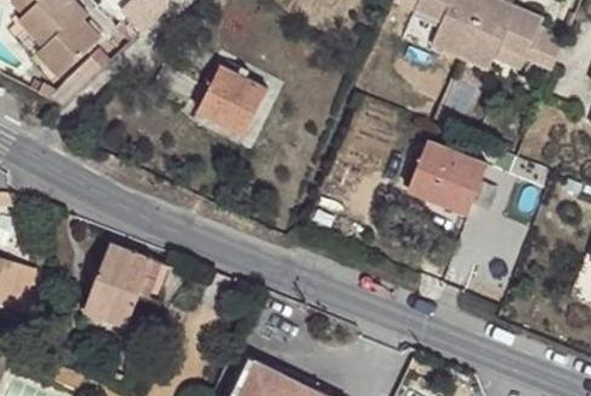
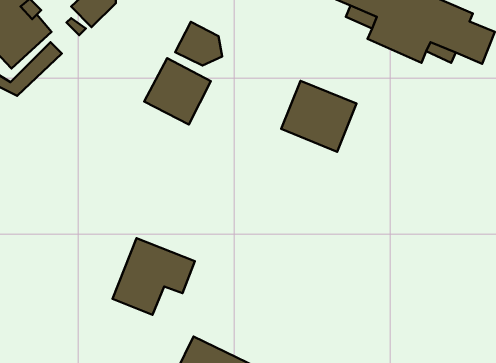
building: none -> [175,22,222,65]
building: [408,140,487,214] -> [281,81,357,152]
building: [84,244,171,325] -> [112,238,195,315]

